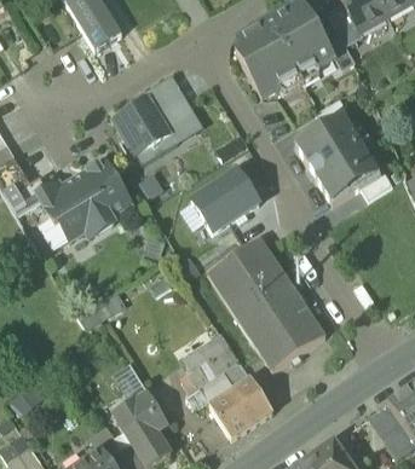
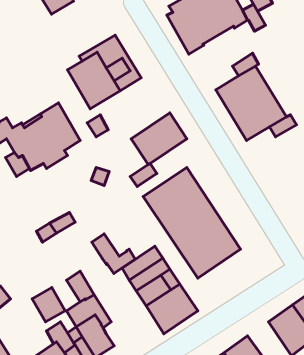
building: none -> [92,234,135,274]
building: none -> [32,288,65,322]

